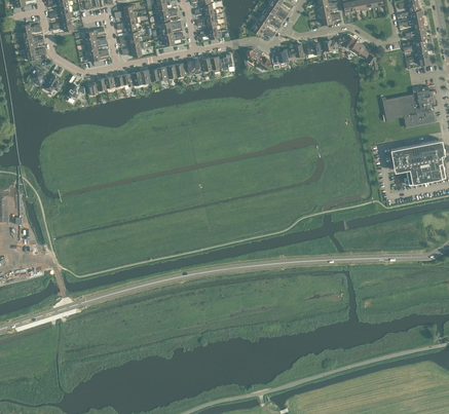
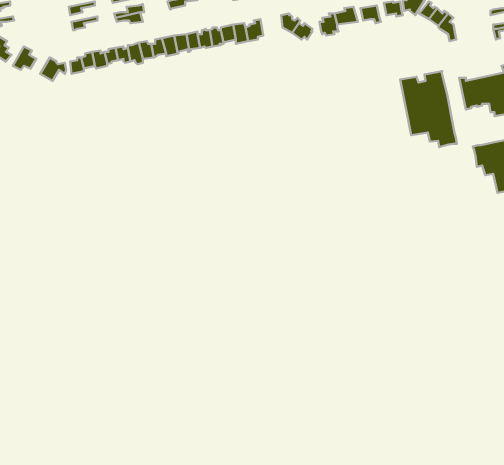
building: none -> [400,71,457,147]

